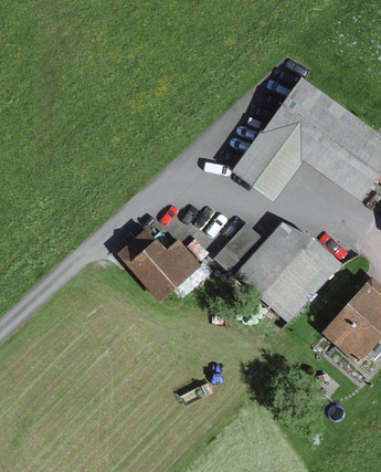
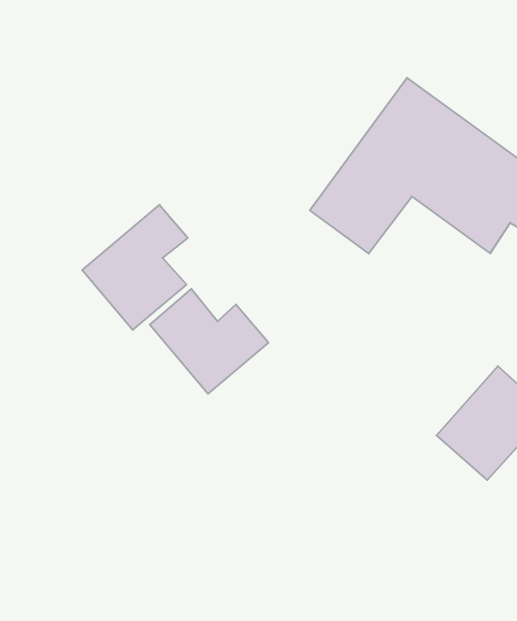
building: none -> [82,205,188,330]
building: [213,221,341,323] -> none

